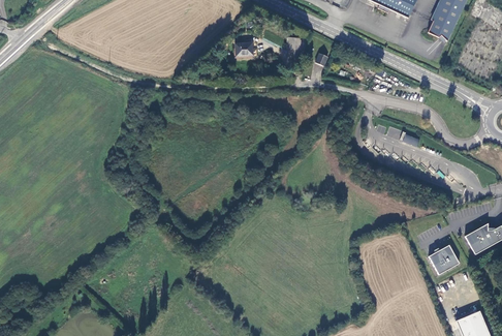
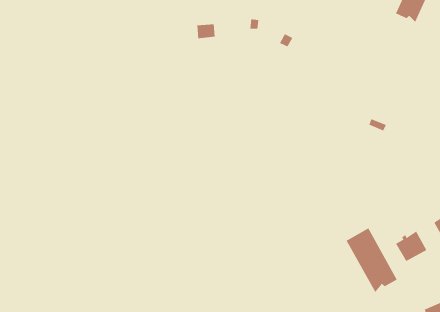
building: none -> [346,227,398,293]

